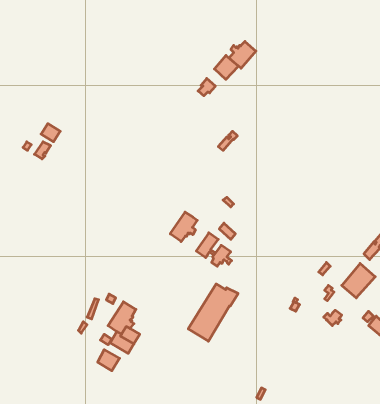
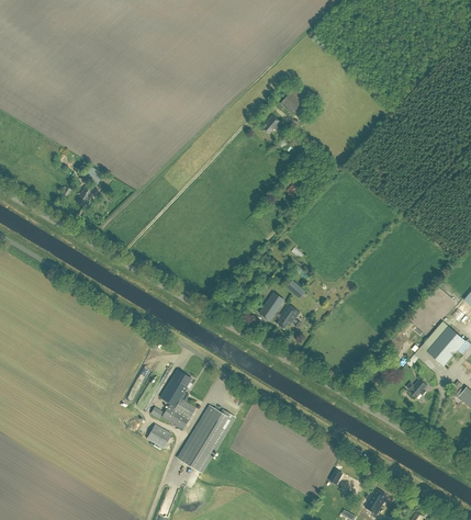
building: [229,41,256,68] -> none
building: [170,212,197,242] -> none
building: [188,284,238,341] -> [177,406,234,472]

